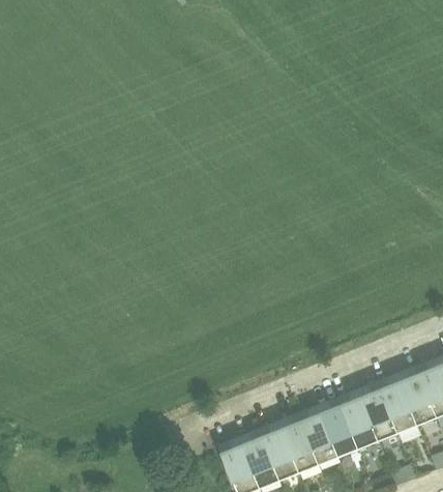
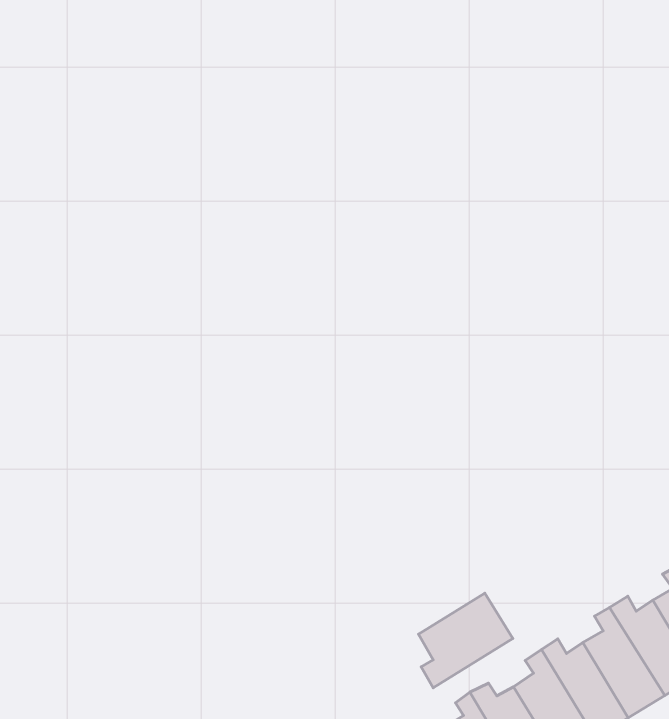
building: none -> [418,593,513,688]

